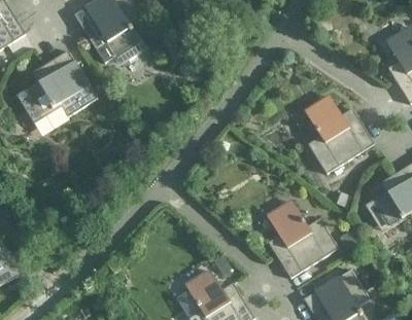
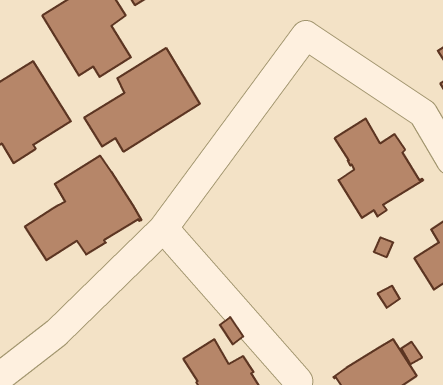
building: none -> [84,48,200,152]
building: none -> [25,156,141,260]
building: [266,200,338,277] -> none

